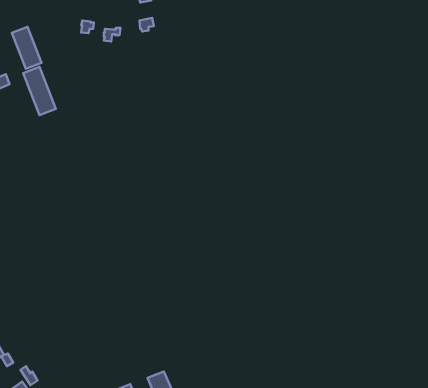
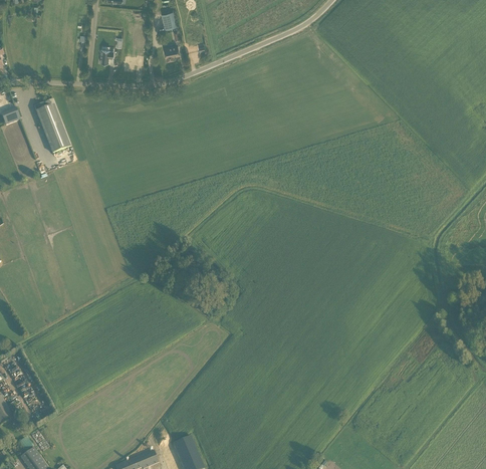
building: [12,27,42,69] -> none

